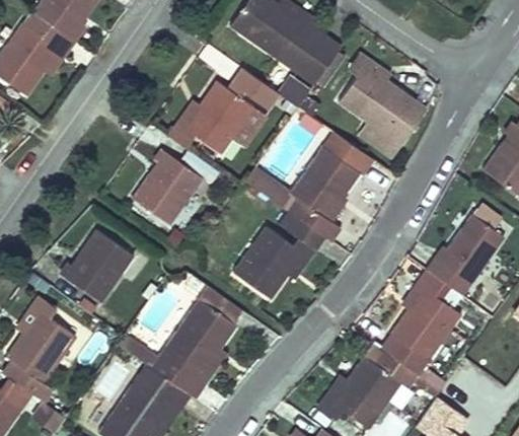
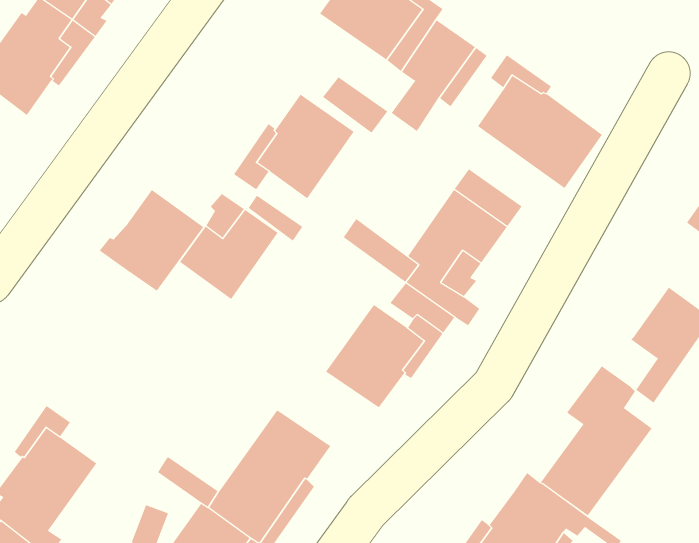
building: [60,229,133,300] -> [99,189,204,291]
building: [425,246,463,286] -> none

